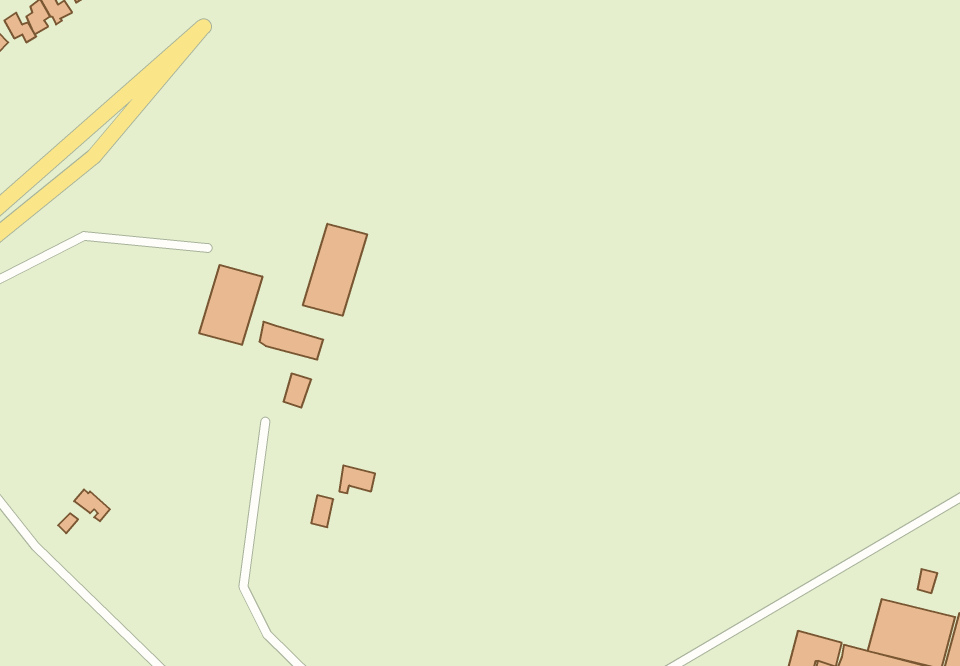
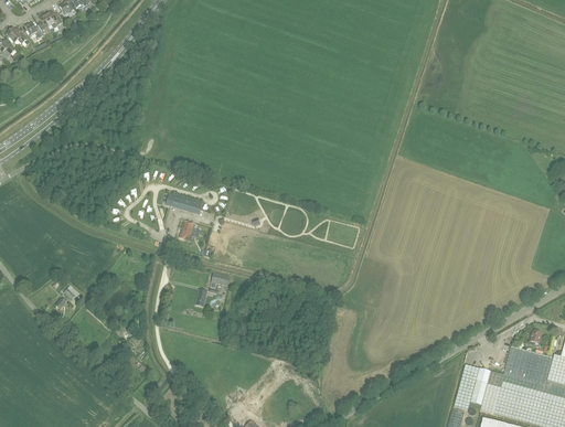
building: [303,224,367,316] -> none
building: [199,265,262,345] -> none

